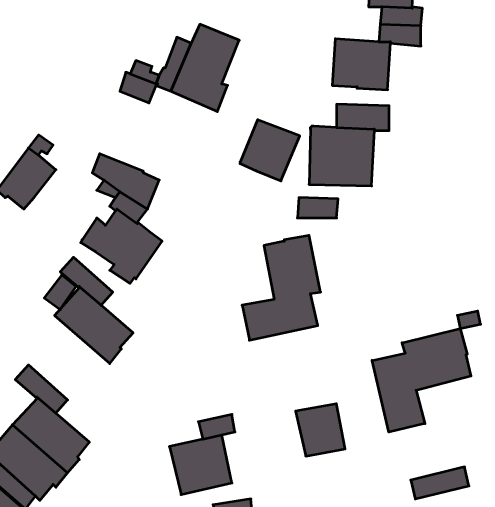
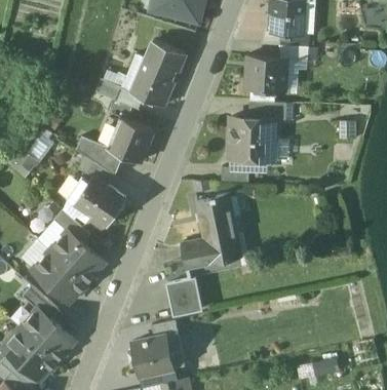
building: [240,120,300,181] -> [112,119,154,162]
building: none -> [32,250,88,303]
building: [372,329,471,432] -> none
building: [296,404,345,456] -> [166,279,201,316]

